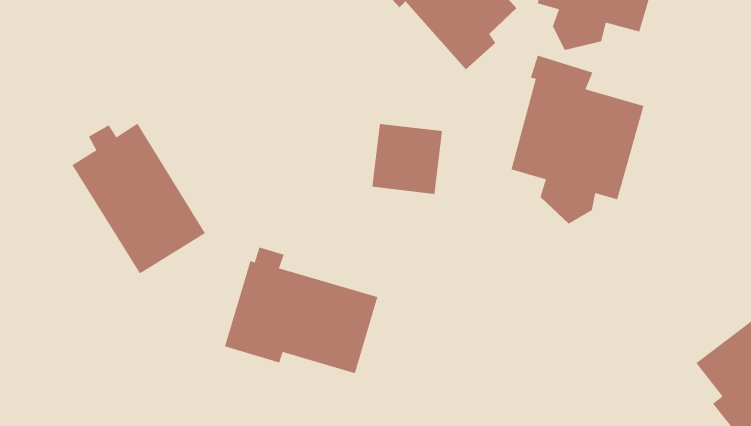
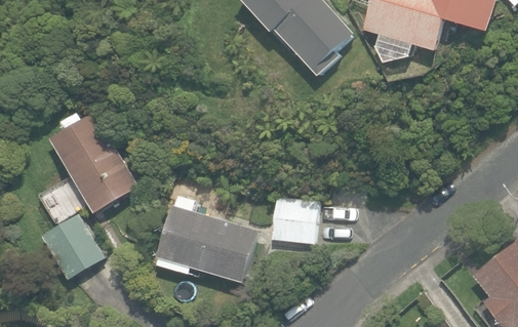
building: [511,55,644,225] -> none
building: [372,123,443,194] -> [270,196,318,244]
building: none -> [41,212,106,281]

